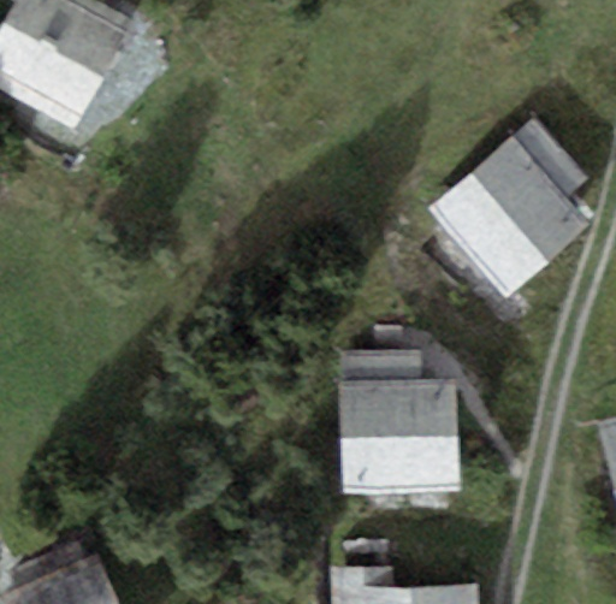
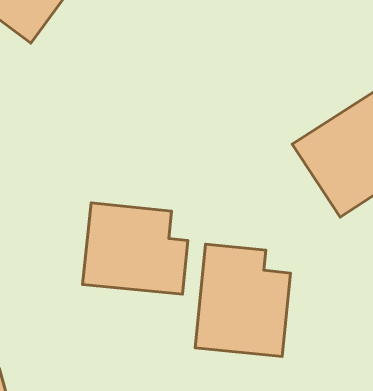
building: none -> [82,203,188,294]

